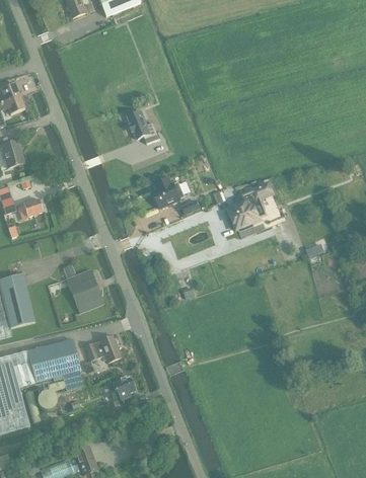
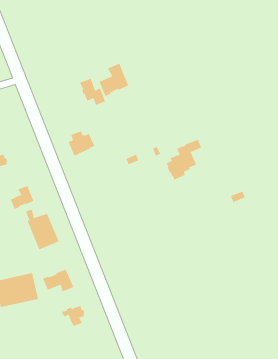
building: none -> [99,63,129,97]
building: [153,177,186,208] -> [68,131,95,156]
building: none -> [10,185,34,210]

